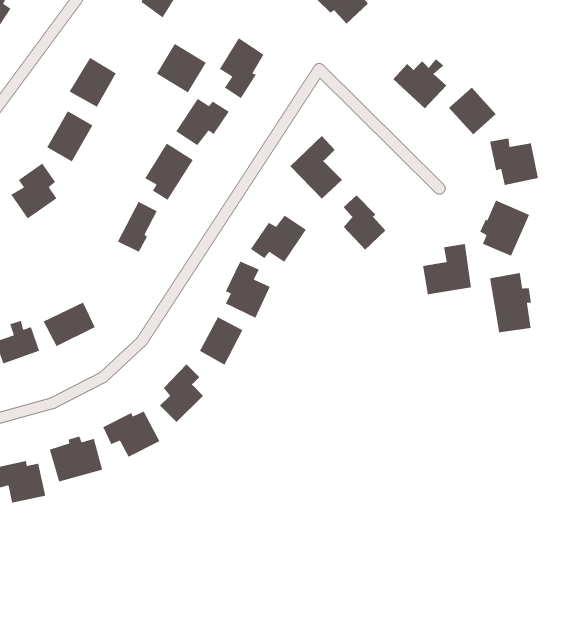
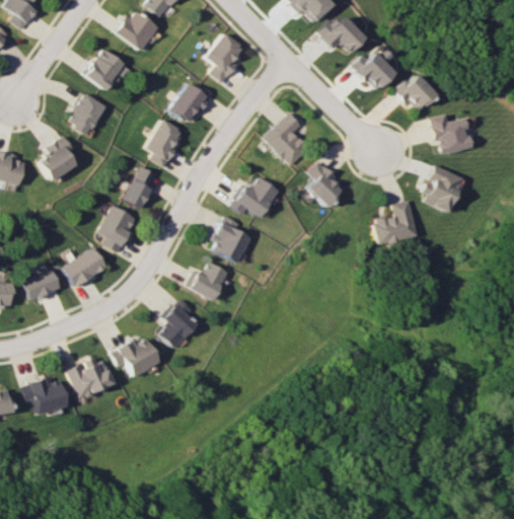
building: none -> [316,16,364,53]
building: [156,43,207,94] -> [117,9,158,51]
building: none -> [99,205,140,253]
building: [489,272,532,333] -> none

